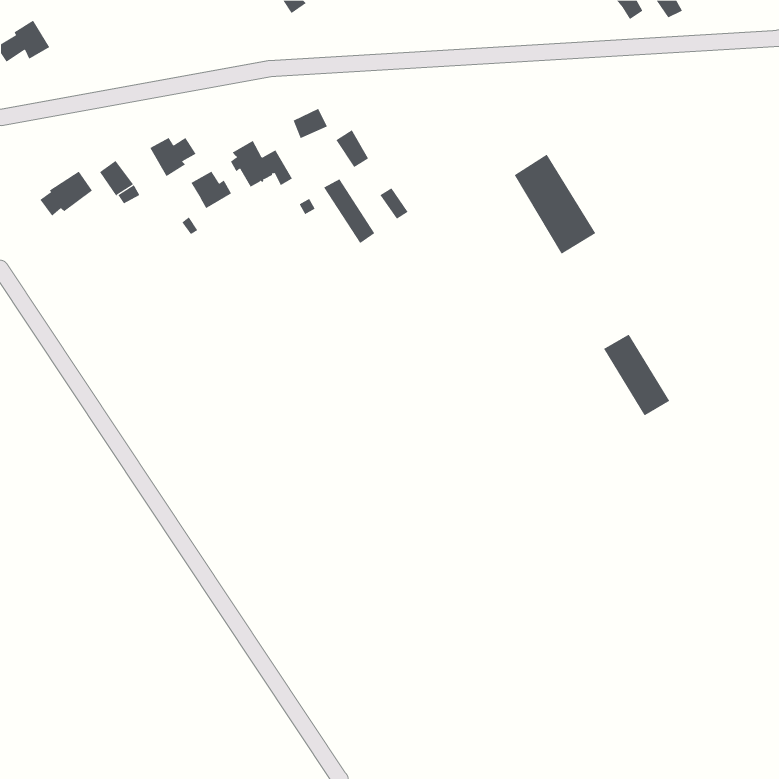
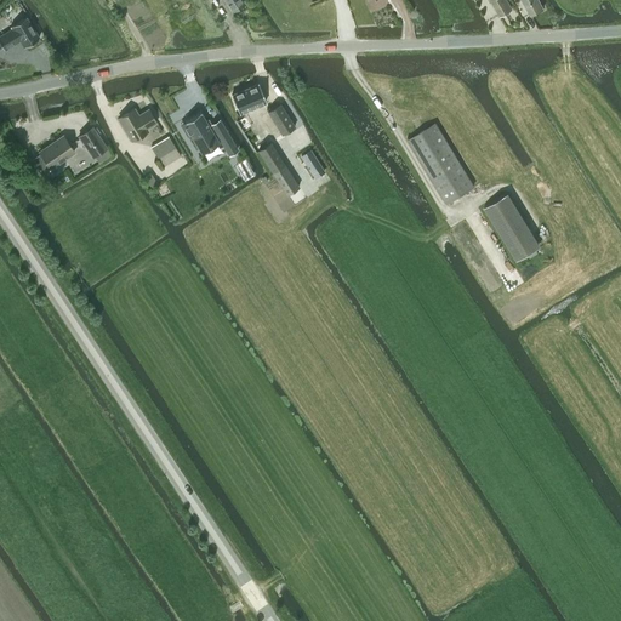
building: [603,334,670,416] -> [484,195,537,261]

